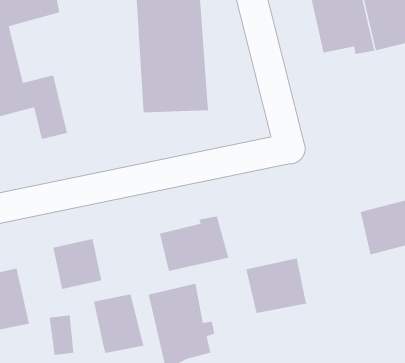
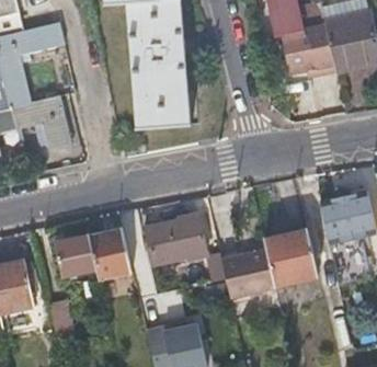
building: none -> [263,231,318,289]
building: [93,294,144,354] -> [90,228,134,279]

